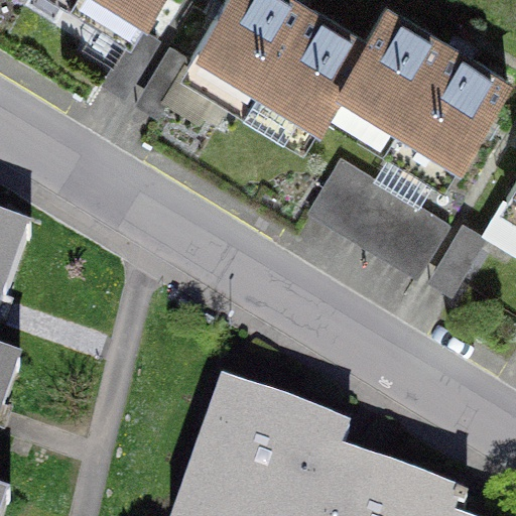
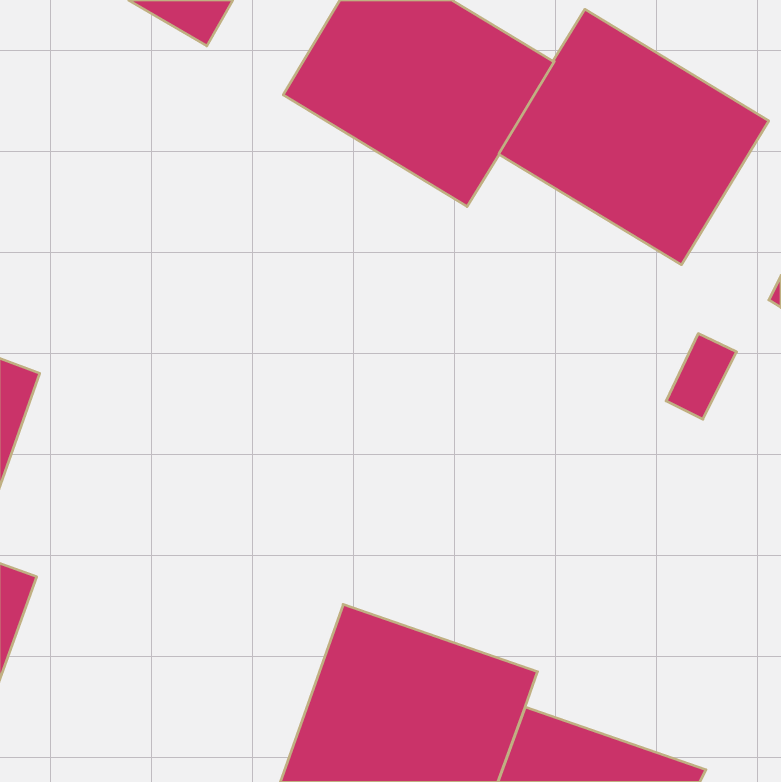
building: [308,157,448,274] -> none

